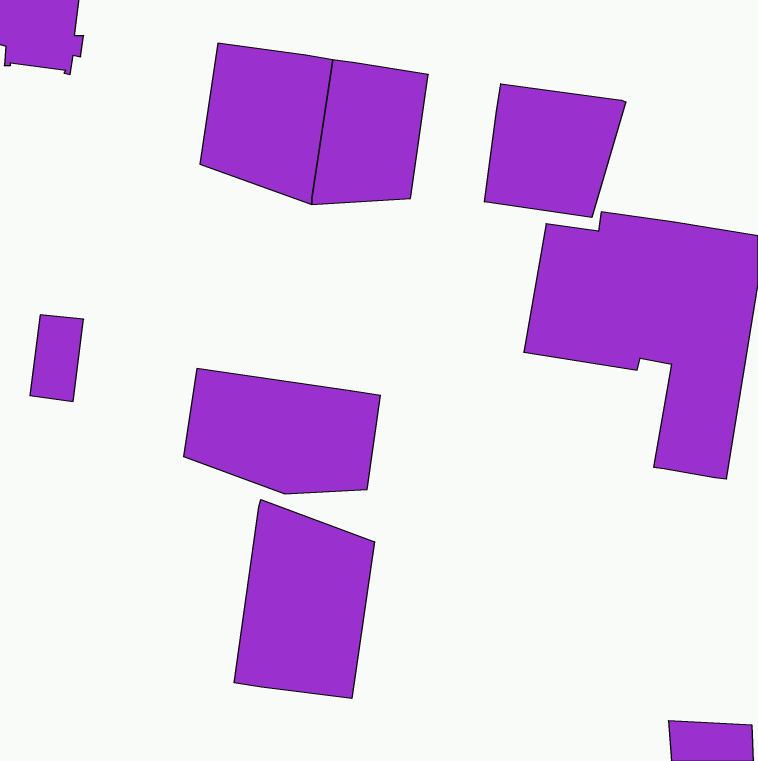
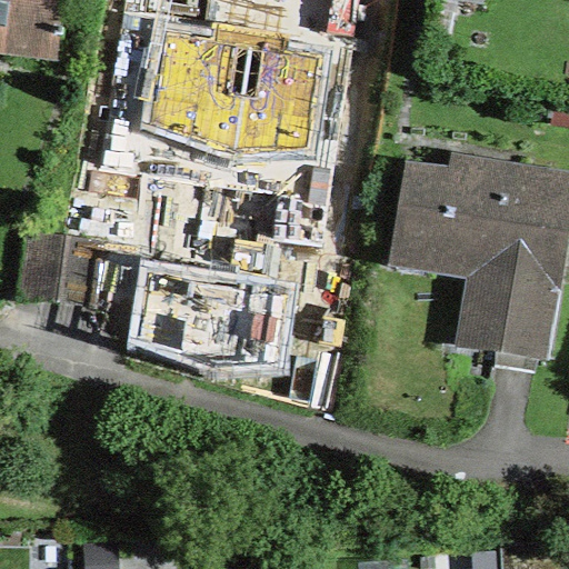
building: [485,84,626,217] -> none
building: [234,500,375,698] -> none

